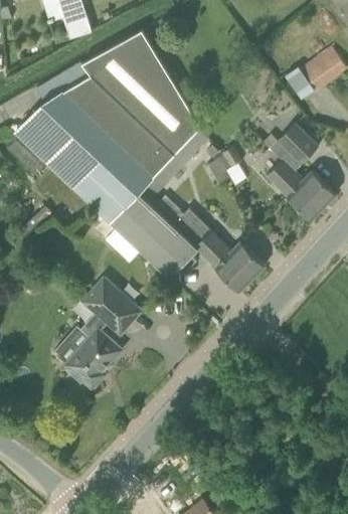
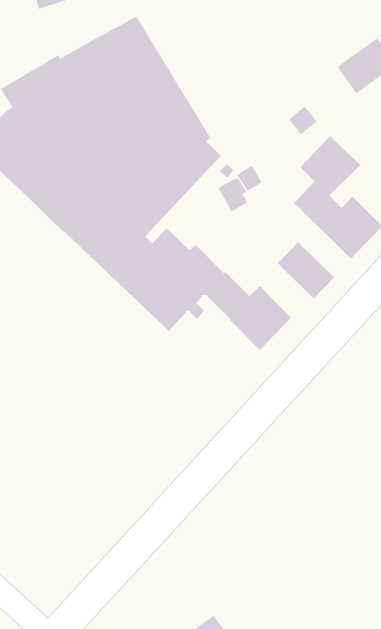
building: none -> [277,242,335,299]
building: [52,277,142,389] -> none

